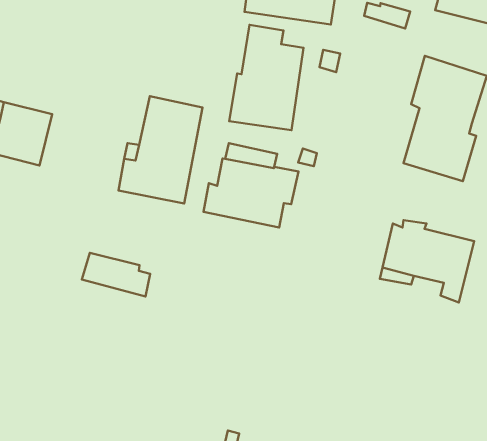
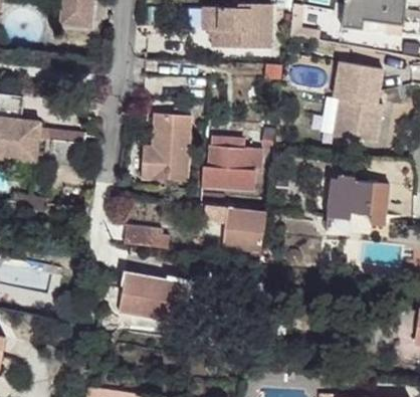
building: [229,25,304,130] -> none
building: none -> [221,208,265,263]
building: none -> [119,273,188,323]

